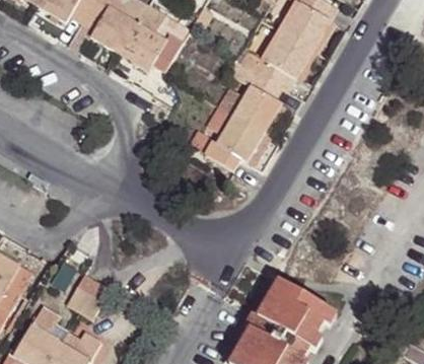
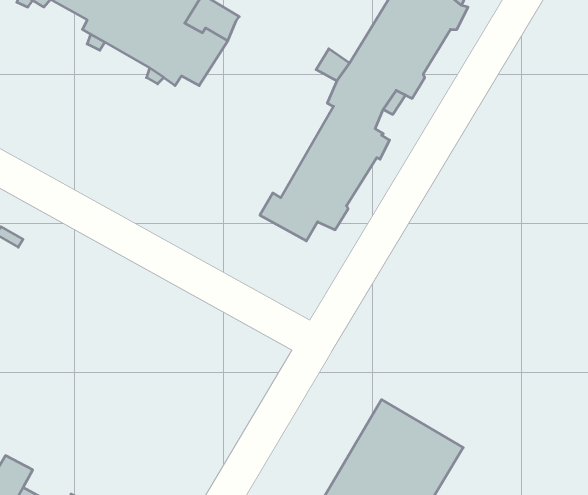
building: [65,275,109,321] -> none

